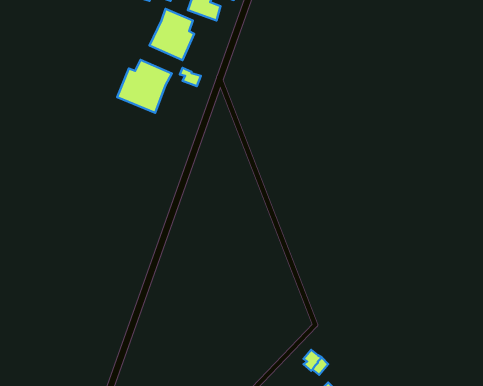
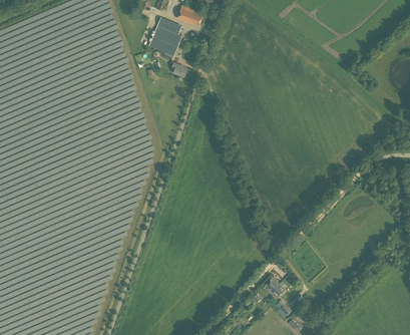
building: [117,60,172,113] -> none

